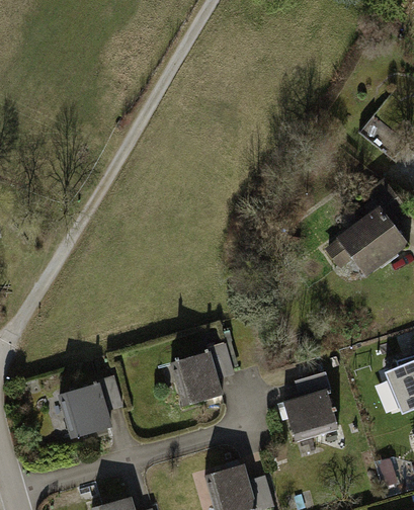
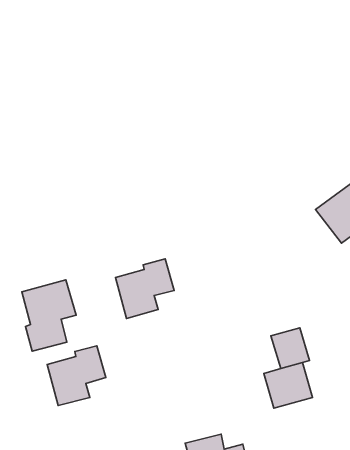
building: none -> [22,280,76,351]
building: [175,348,235,409] -> [115,259,174,318]

